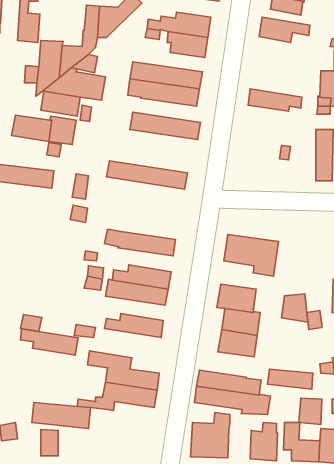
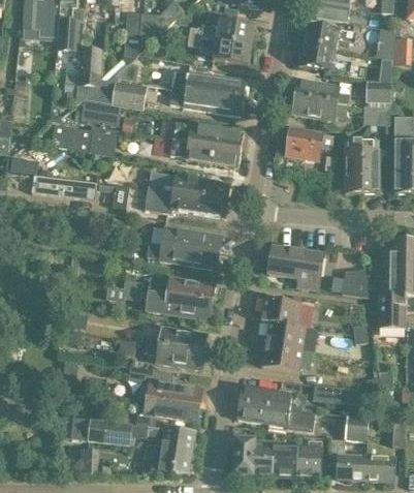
building: none -> [299,43,351,72]
building: none -> [294,81,350,105]
building: none -> [286,128,333,160]
building: none -> [169,138,241,166]
building: none -> [345,138,361,191]
building: none -> [145,187,227,216]
building: none -> [151,224,221,251]
building: [282,294,308,322] -> [341,268,368,297]
building: [20,329,78,355] -> [145,342,203,369]
building: none -> [142,425,194,472]
building: none -> [272,445,295,475]

